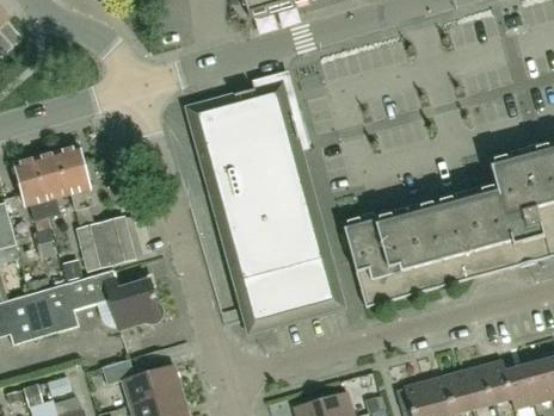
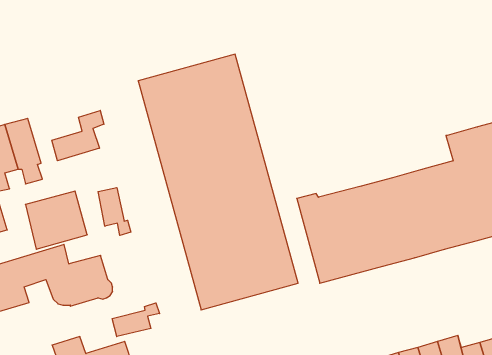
building: none -> [52,110,104,161]
building: none -> [98,188,131,235]
building: none -> [112,303,160,337]

